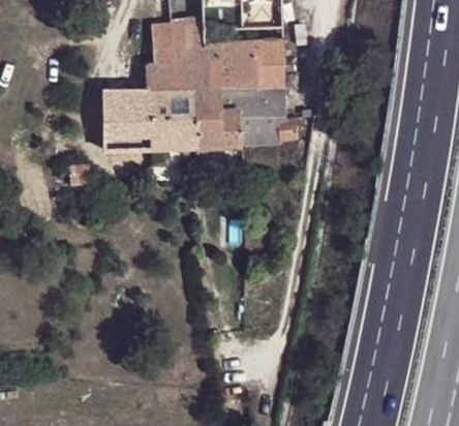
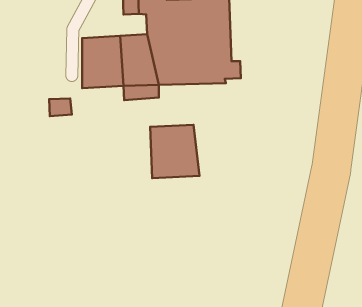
building: [148,60,183,87] -> none
building: none -> [150,125,199,178]

